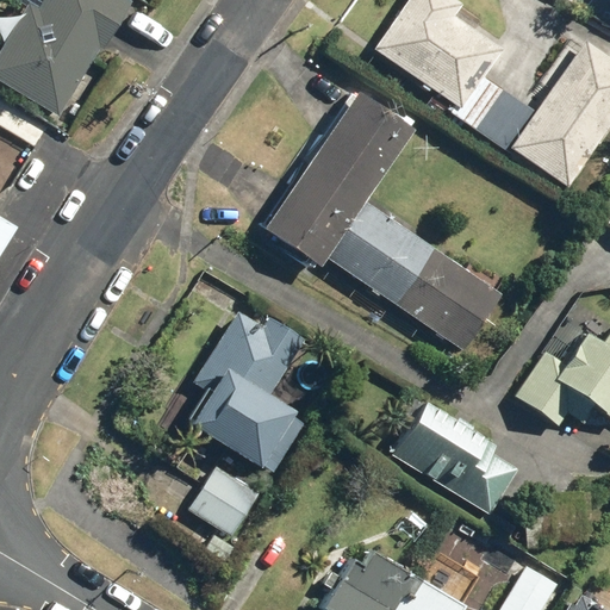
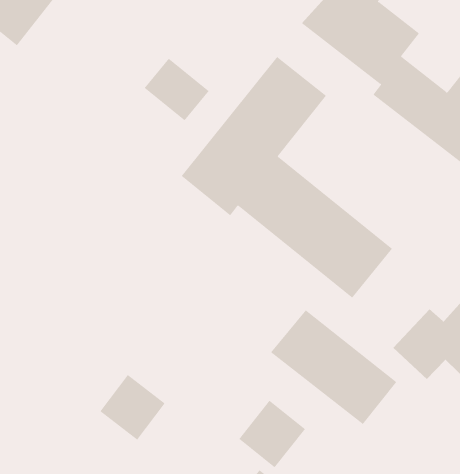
building: none -> [144,58,210,121]
building: [195,305,318,467] -> none
building: none -> [239,400,306,468]

